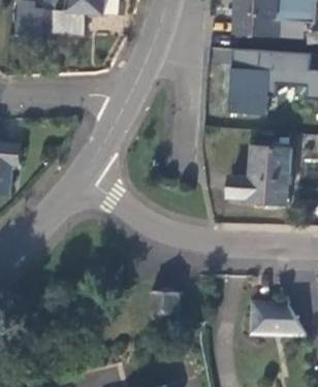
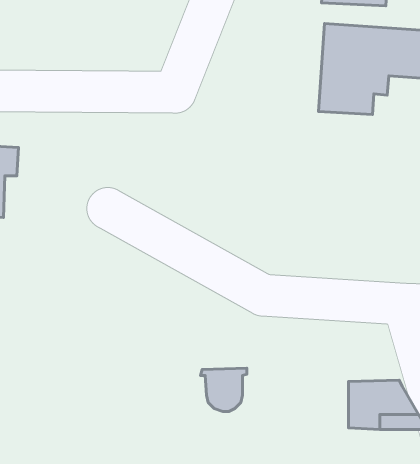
building: [228,143,288,206] -> none

